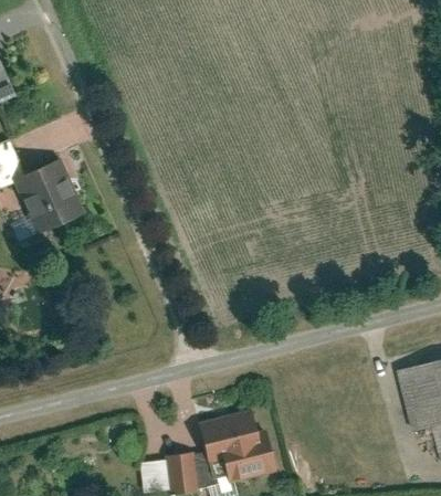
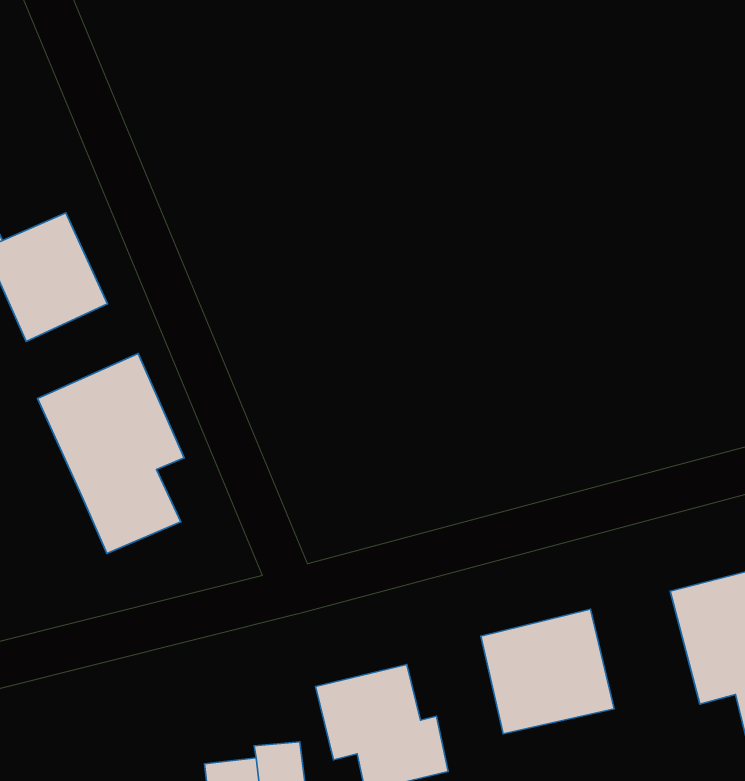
building: none -> [38,353,184,554]
building: none -> [481,609,614,734]

